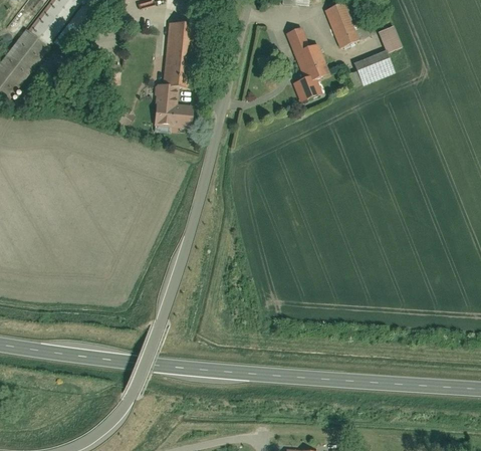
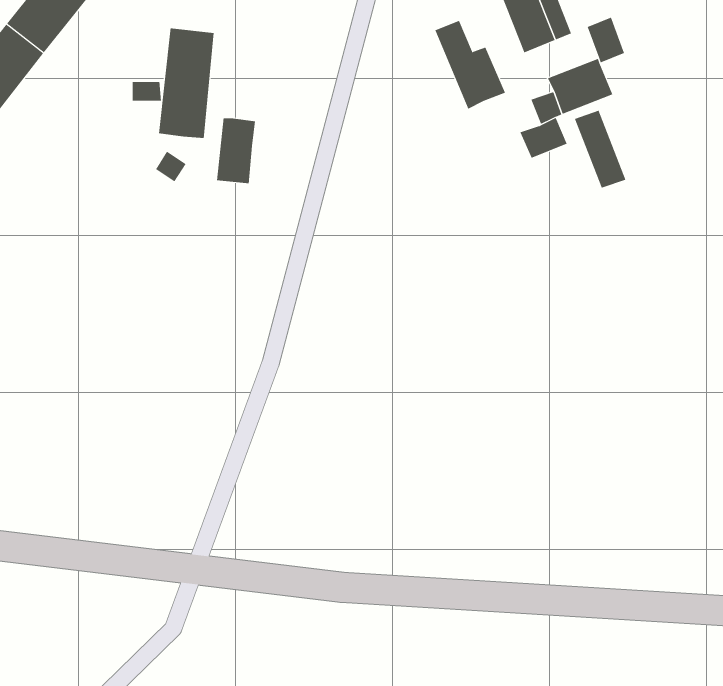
building: [162,21,196,88] -> [158,28,214,139]
building: [293,75,322,100] -> [520,117,568,159]
building: none -> [574,110,626,189]
building: [173,102,192,127] -> none

